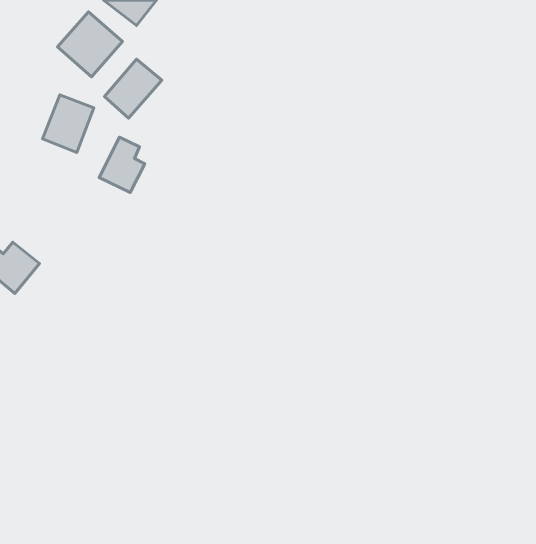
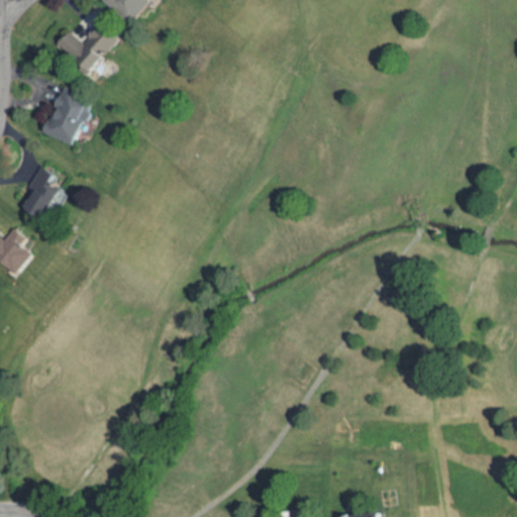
building: [104,59,162,118] -> none
building: [99,137,145,193] -> [17,168,61,220]

